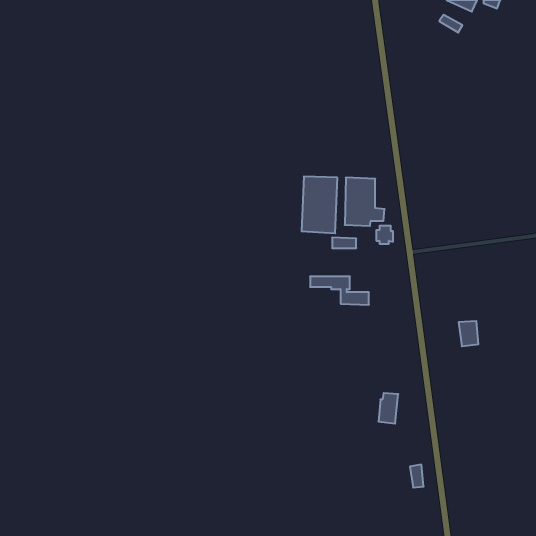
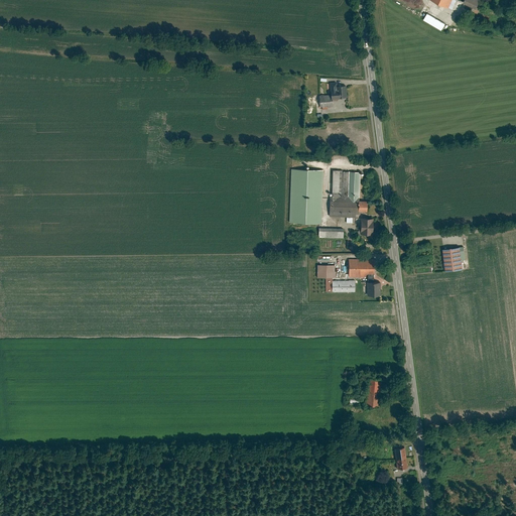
building: none -> [318,85,348,108]
building: none -> [347,260,380,296]
building: [459,321,478,346] -> [444,249,464,273]

